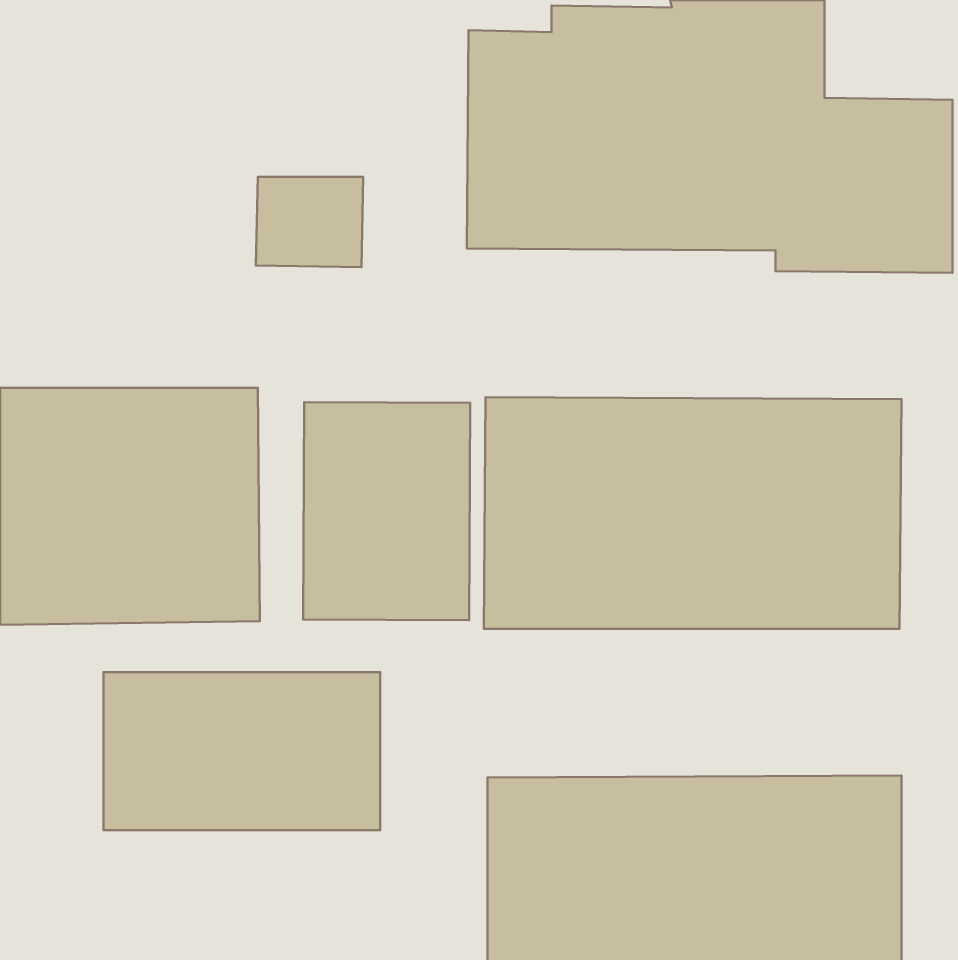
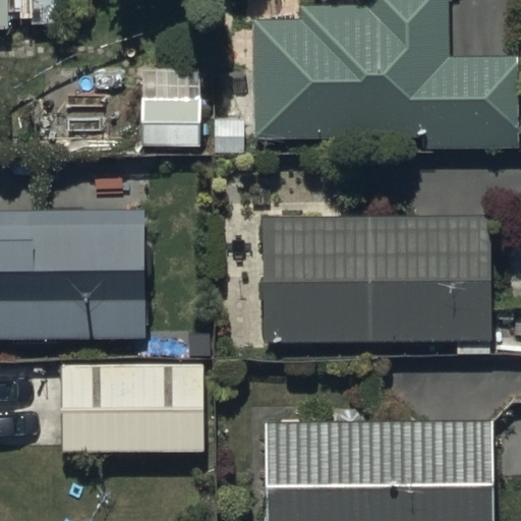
building: [303,402,470,620] -> none

